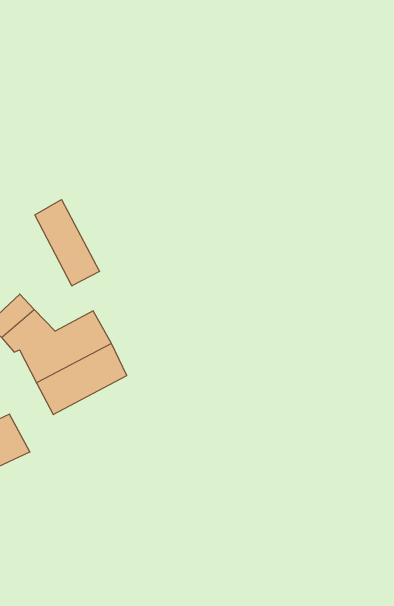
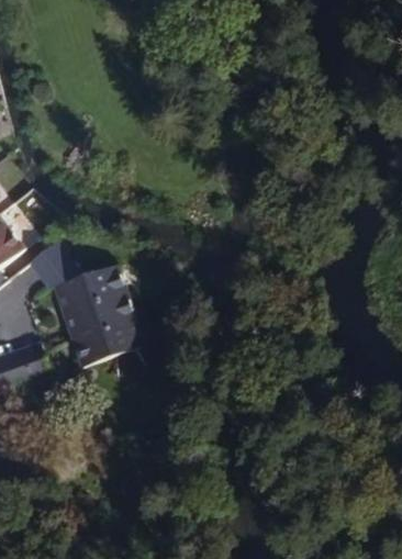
building: [35,200,100,286] -> none
building: none -> [69,320,142,366]

